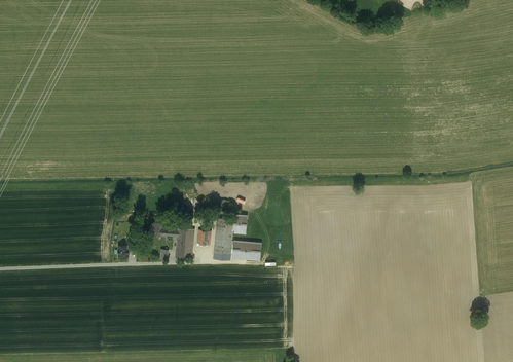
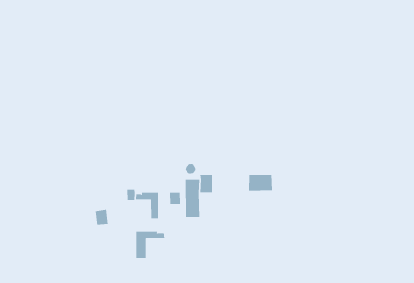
building: [232,241,260,260] -> [248,174,273,191]
building: none -> [136,231,165,259]

